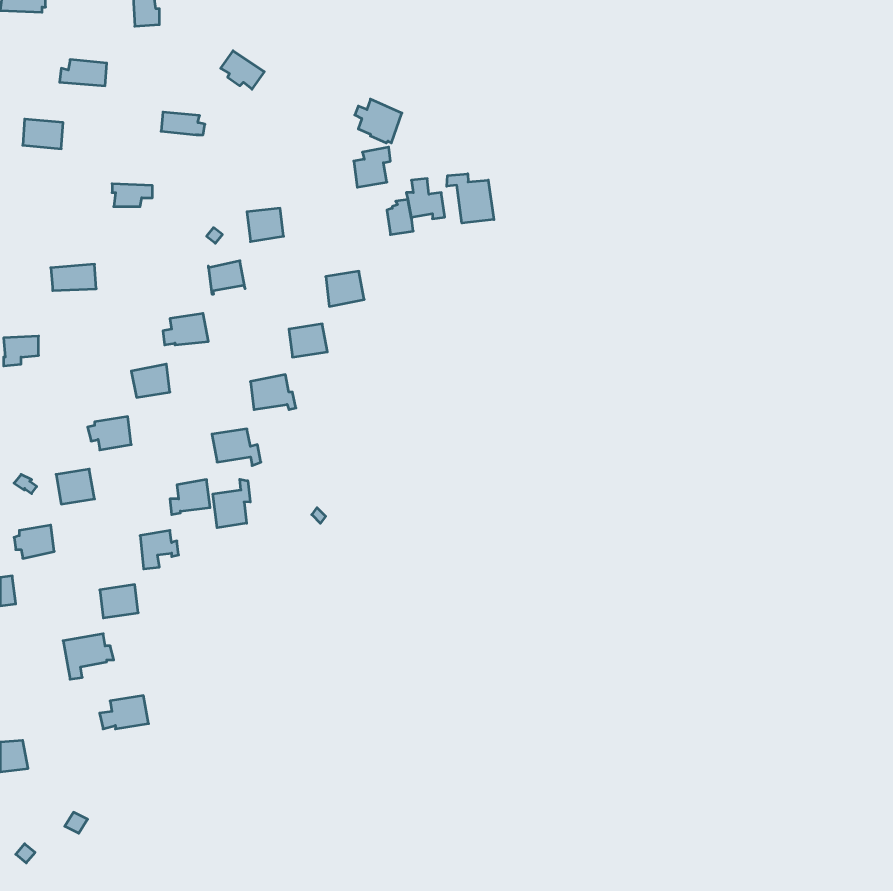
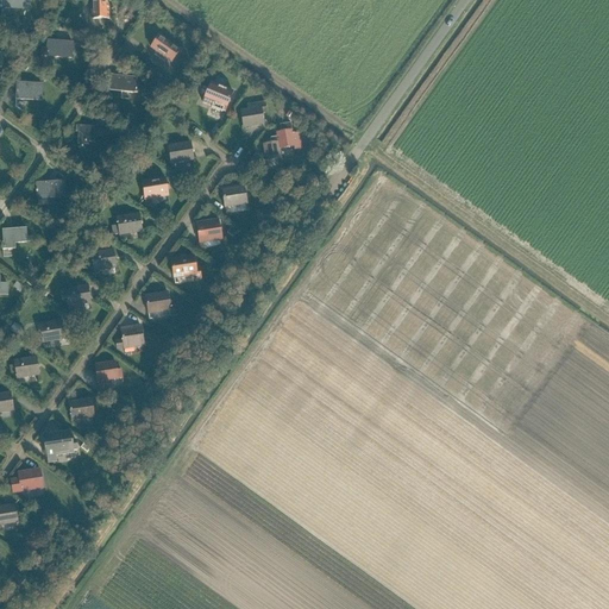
building: [355,99,402,143] -> [201,81,233,111]
building: [447,174,494,223] -> none
building: [213,479,250,528] -> none
building: [100,696,149,729] -> [11,467,44,490]

